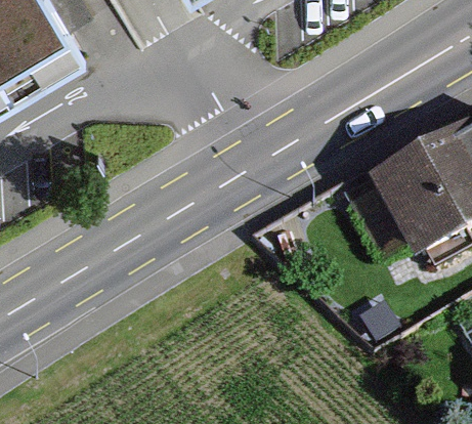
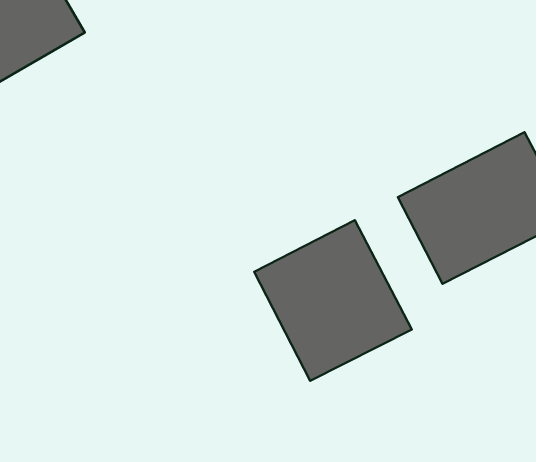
building: none -> [254,220,412,381]

